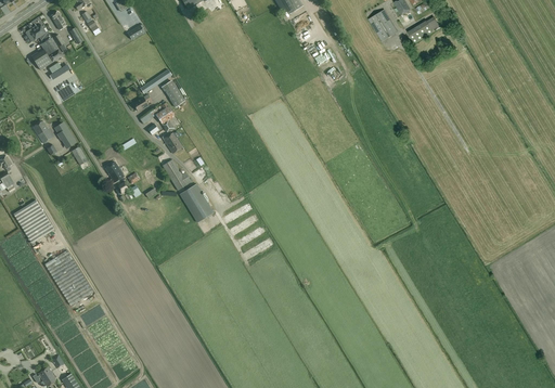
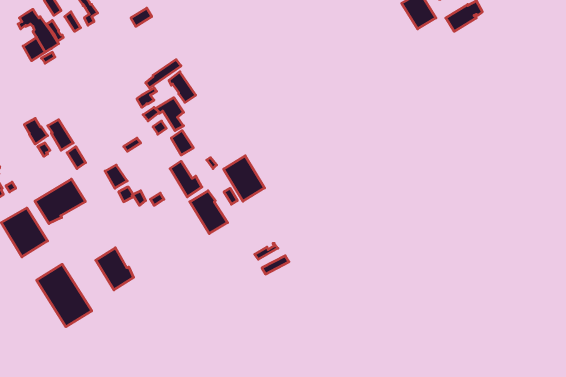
building: none -> [224,156,265,201]
building: none -> [35,179,85,224]
building: none -> [96,248,134,290]

